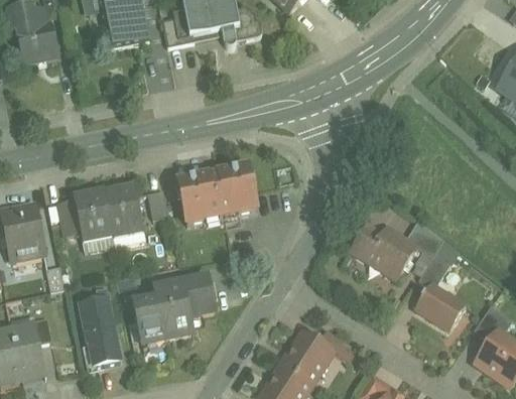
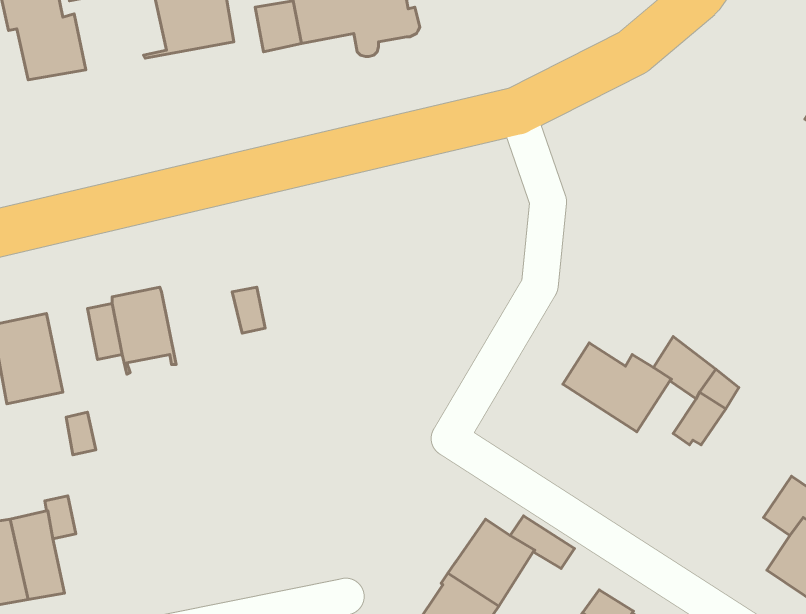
building: [176,164,256,223] -> none
building: [104,185,144,238] -> none
building: [133,277,215,345] -> none
building: [414,282,465,328] -> none
building: [79,298,119,366] -> none

